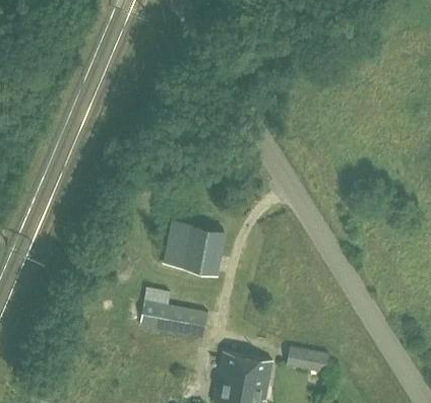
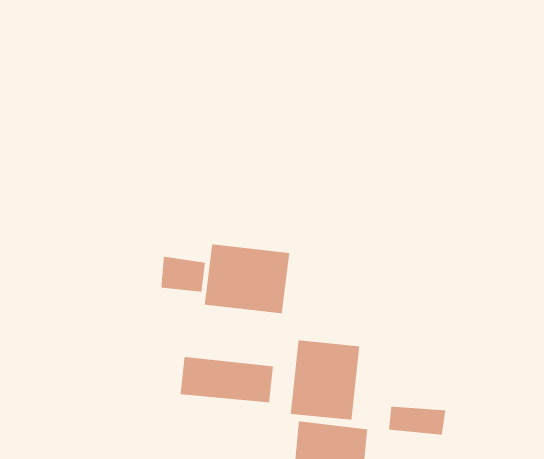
building: none -> [160,256,206,292]
building: none -> [290,340,360,421]

